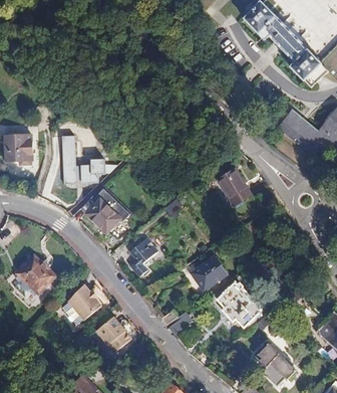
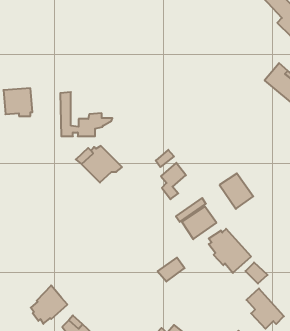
building: [215,171,250,208] -> [220,173,253,209]
building: [128,237,154,275] -> [161,163,186,199]
building: [14,255,53,294] -> none
building: [61,284,99,325] -> [31,285,67,324]
building: [95,317,129,352] -> none

